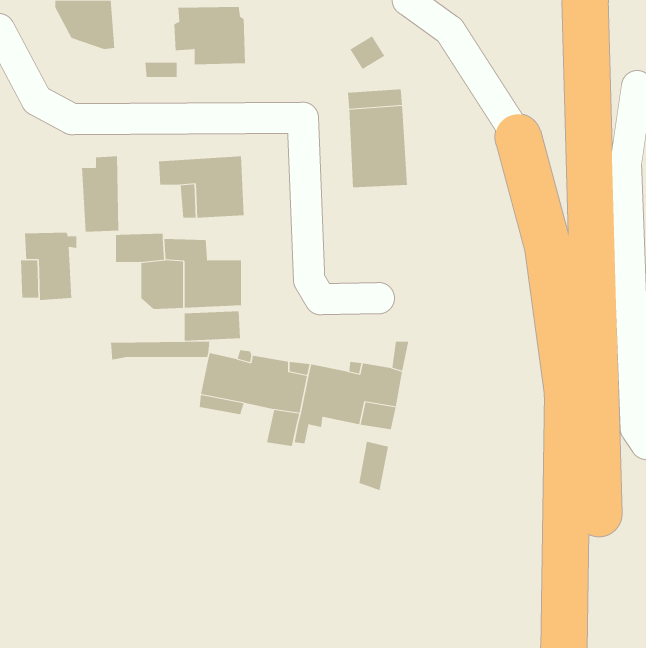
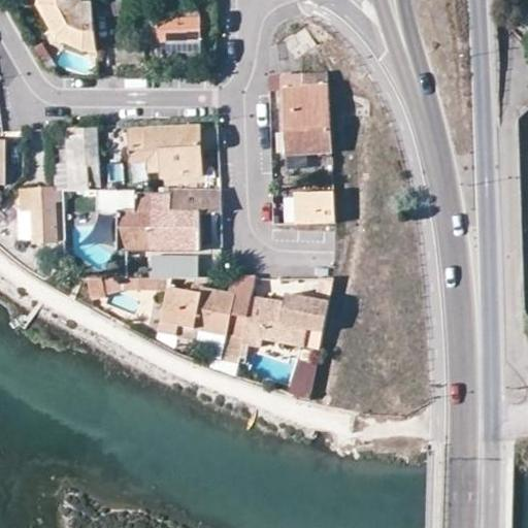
building: none -> [168,189,221,211]
building: none -> [296,191,336,223]

